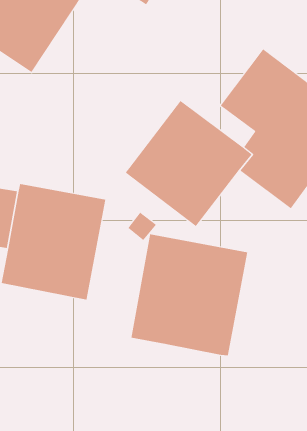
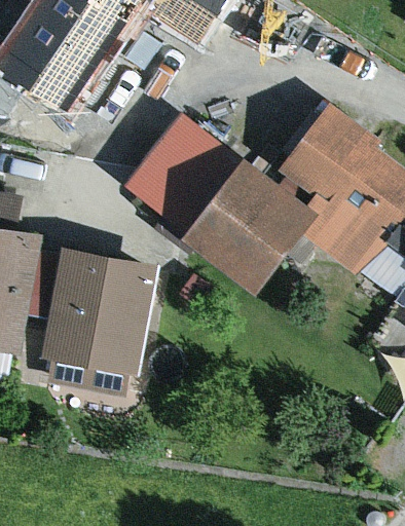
building: none -> [123,113,236,230]
building: [131,233,248,356] -> none

